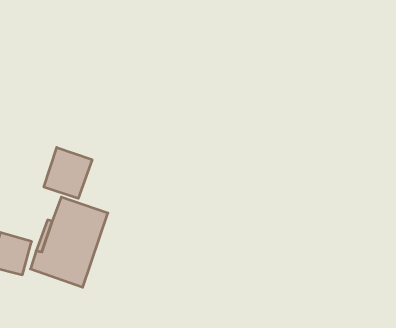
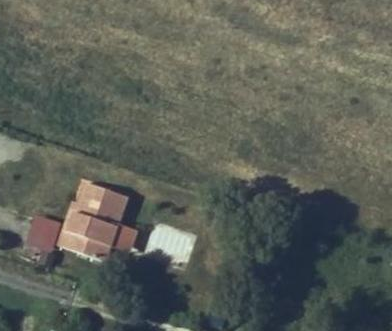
building: [44,147,92,198] -> none

